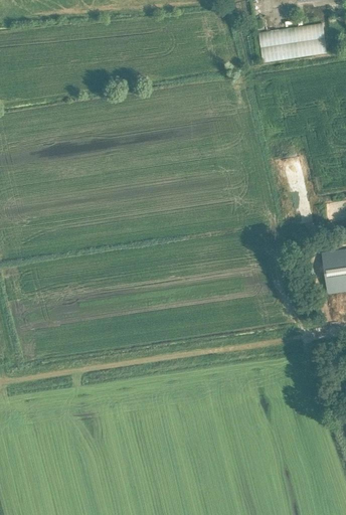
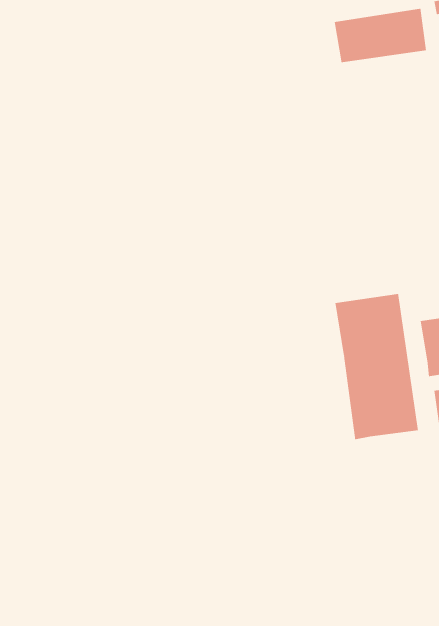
building: none -> [335,293,419,440]

